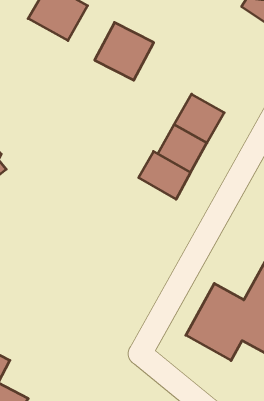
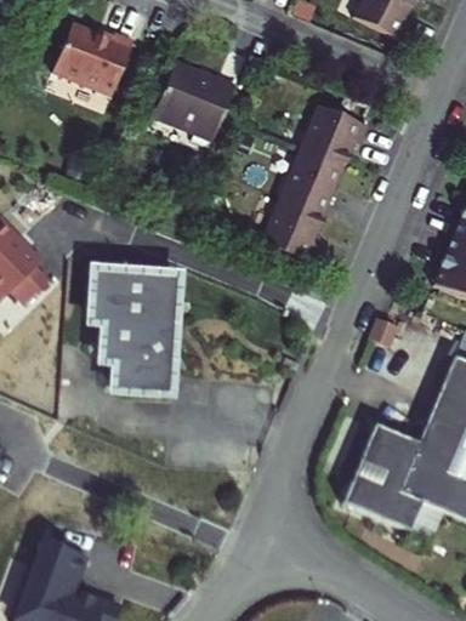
building: none -> [300,103,369,170]
building: [139,151,190,199] -> none
building: none -> [86,258,181,394]

